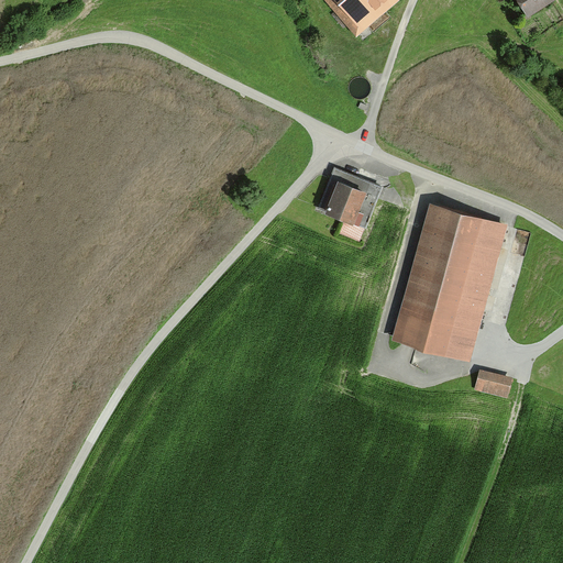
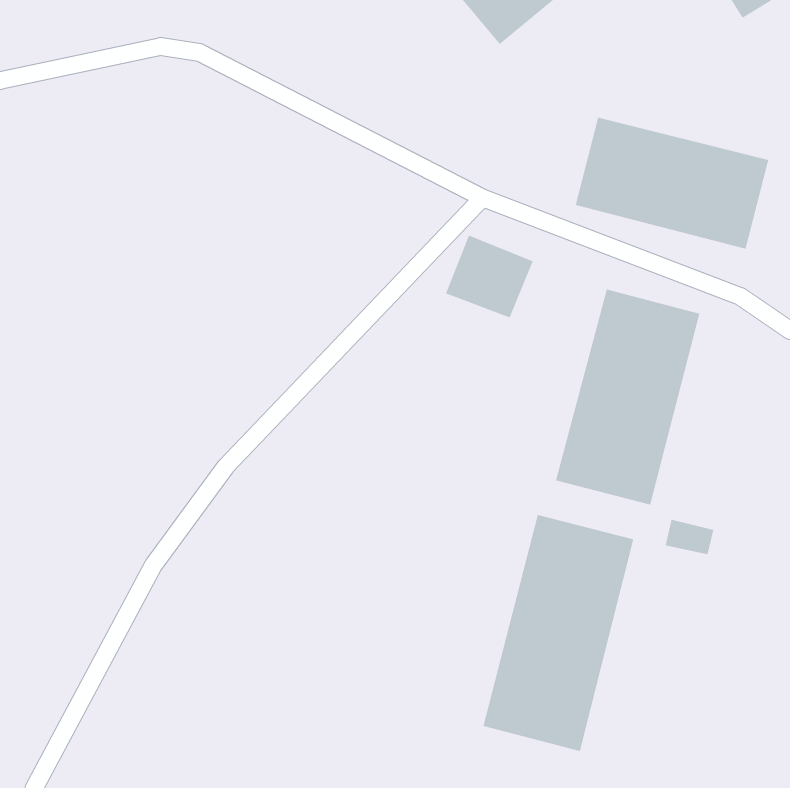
building: none -> [575,117,769,250]
building: none -> [483,514,634,752]

